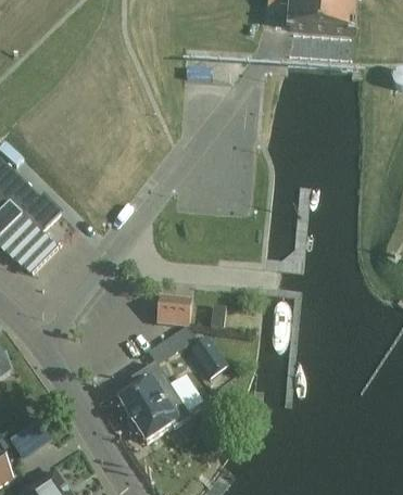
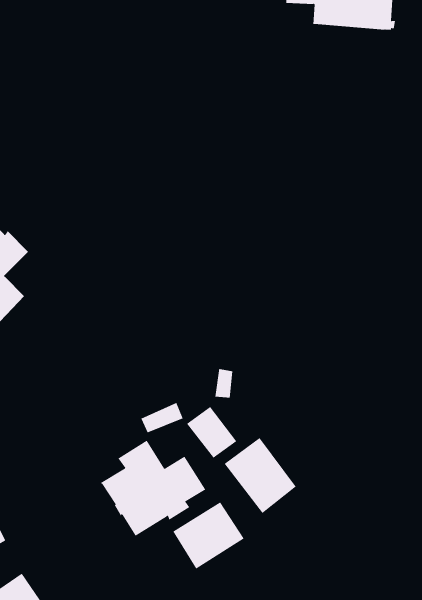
building: [155,301,190,325] -> none
building: none -> [224,437,297,514]
building: none -> [173,502,245,570]

